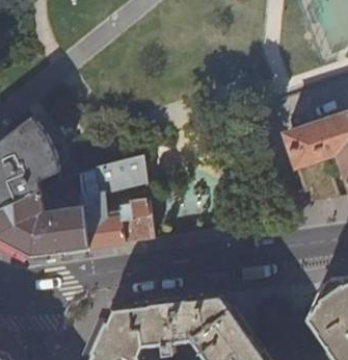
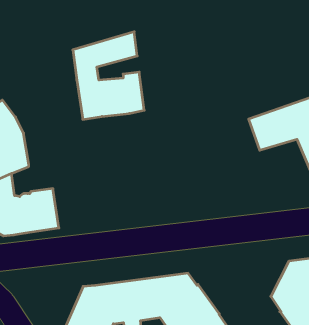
building: [77,159,151,250] -> [73,32,144,119]

